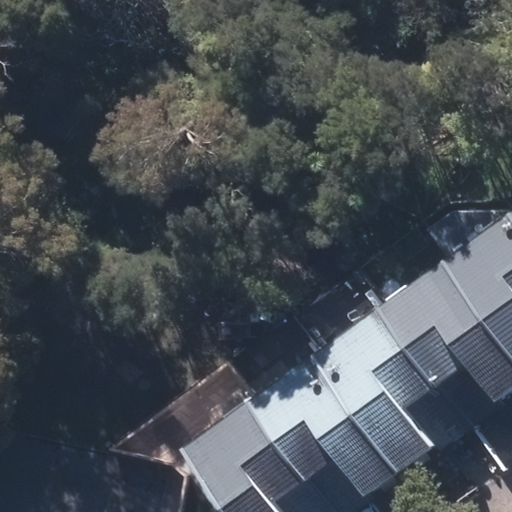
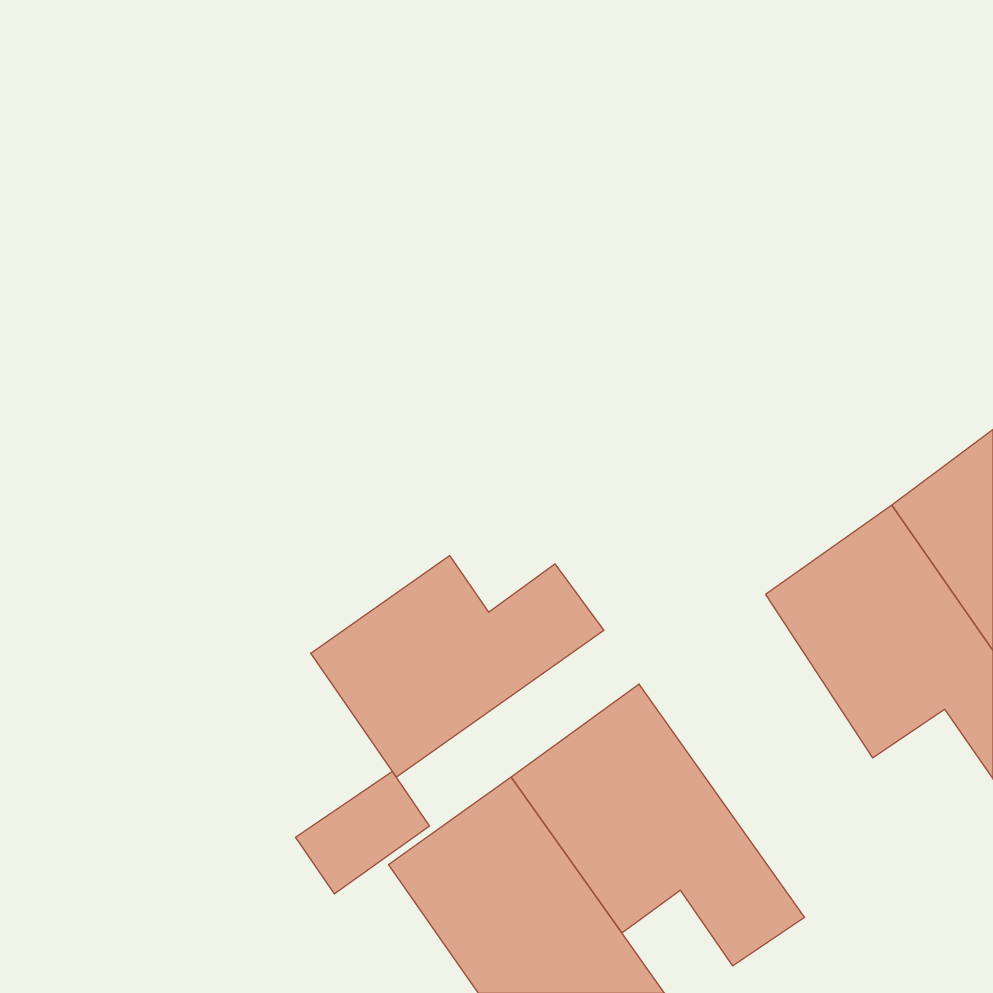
building: none -> [311,555,604,777]
building: [329,306,476,472] -> none

